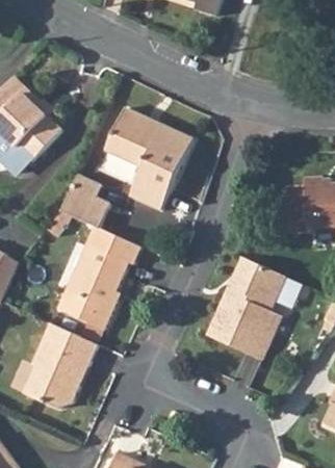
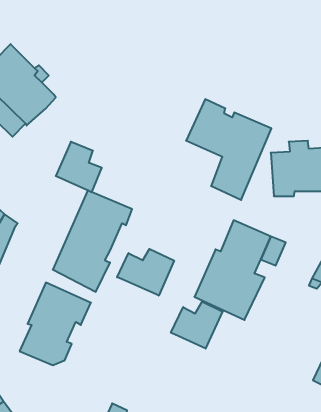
building: [104,108,192,212] -> [186,99,271,200]
building: none -> [117,249,174,296]
building: none -> [171,301,223,349]

